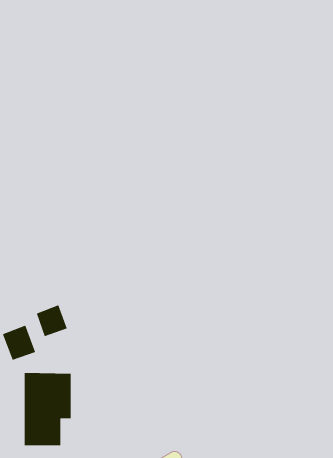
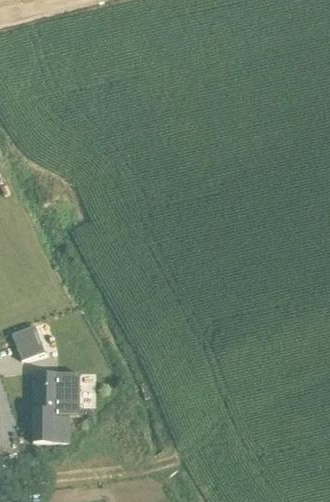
building: [36,304,68,337] -> none

